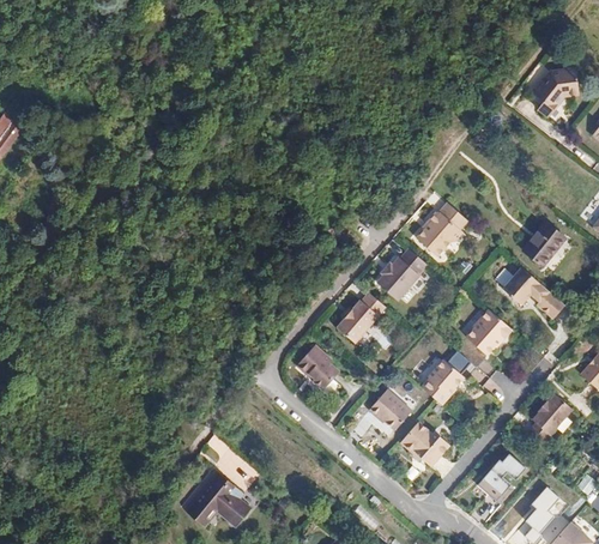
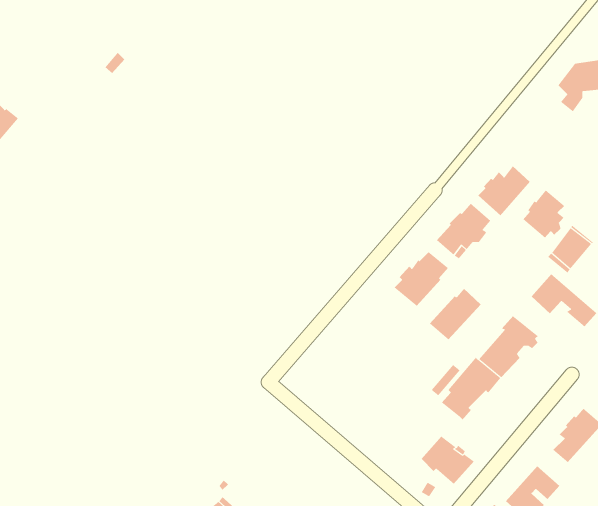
building: none -> [478,165,531,216]
building: none -> [523,189,565,239]
building: [337,292,386,341] -> [429,288,482,340]
building: [298,343,343,387] -> none
building: [371,387,413,427] -> none

